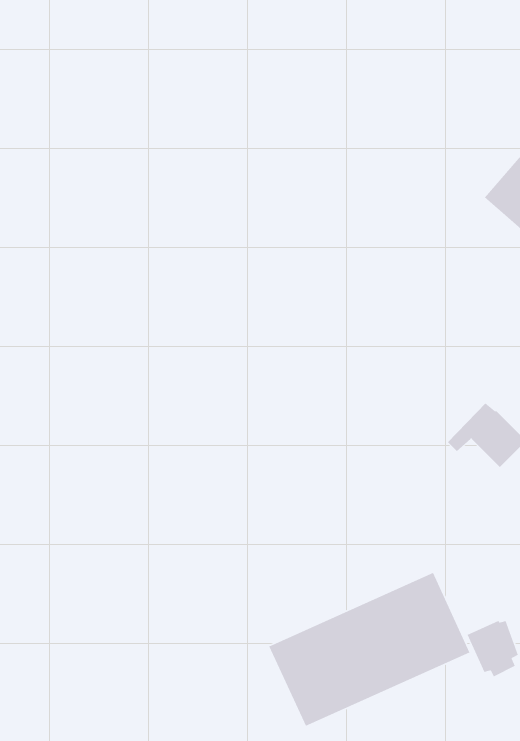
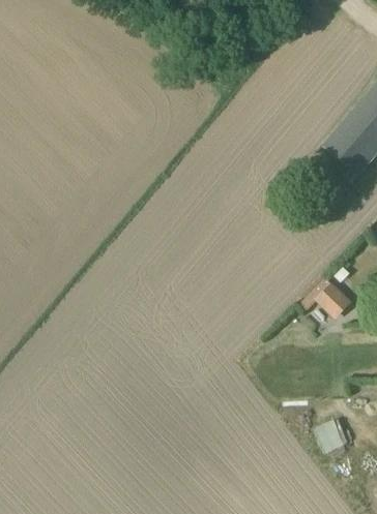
building: [268,572,471,727] -> none

